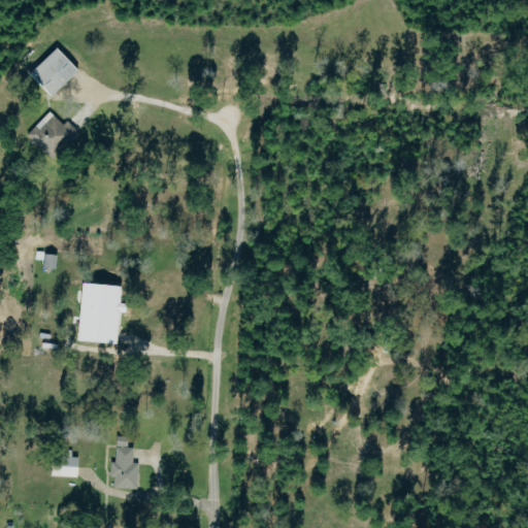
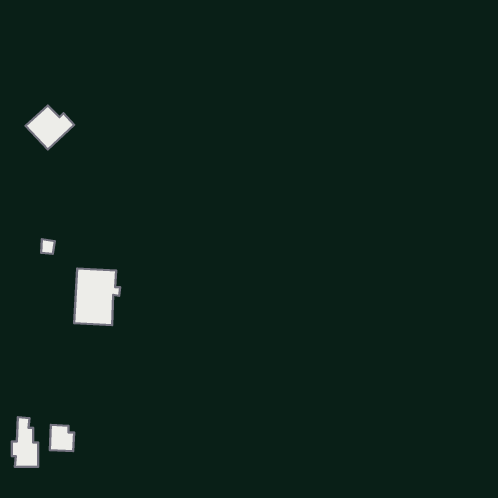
building: [30,47,79,97] -> none
building: [110,435,138,488] -> [12,417,38,467]

